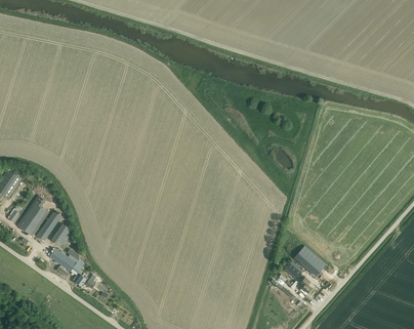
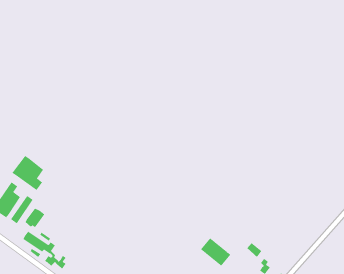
building: none -> [12,155,44,191]
building: [294,246,327,277] -> [200,237,231,266]

